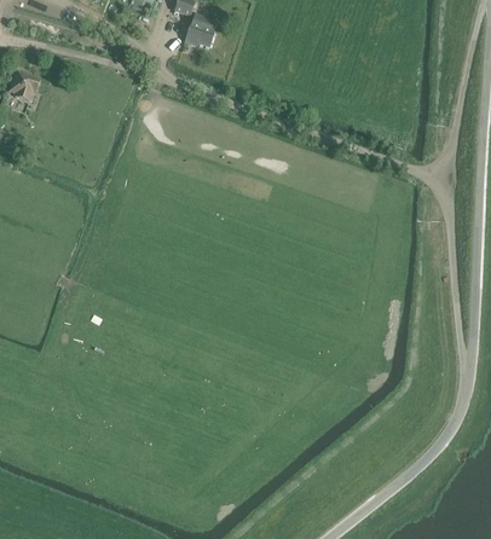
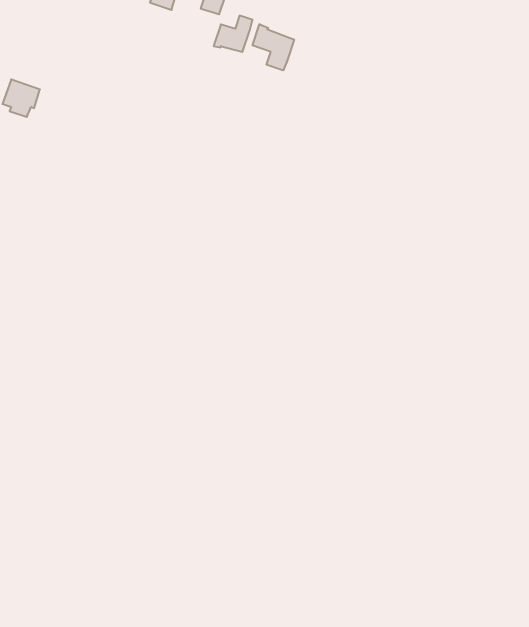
building: none -> [253,24,294,70]

